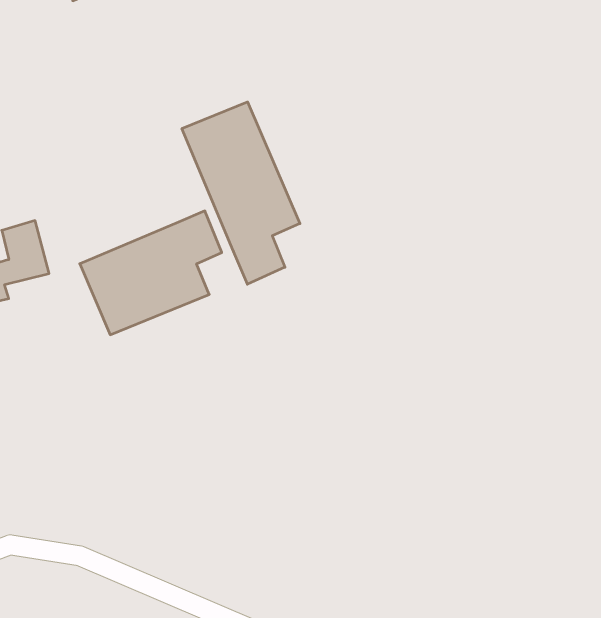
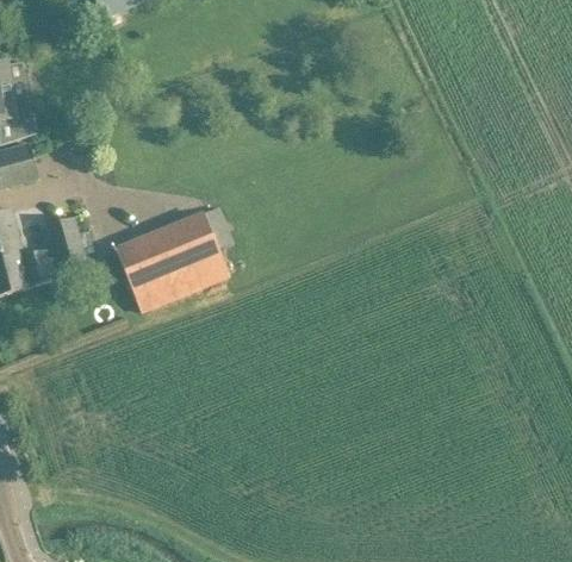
building: [182,102,300,284] -> none

